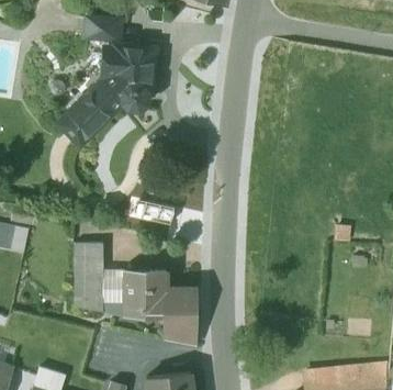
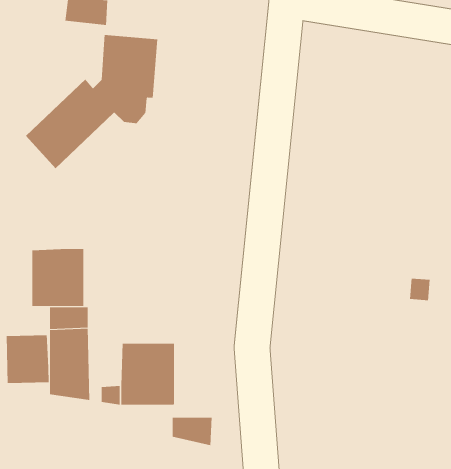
building: none -> [32,248,84,307]
building: none -> [6,335,49,384]
building: [164,286,197,324] -> none

